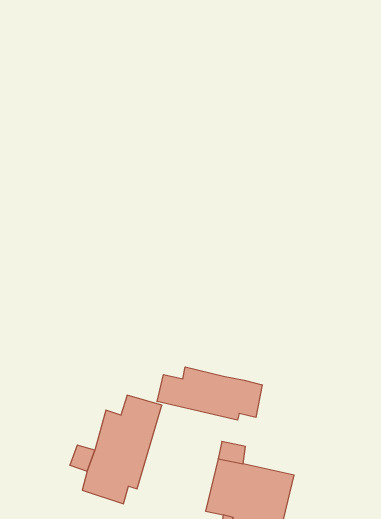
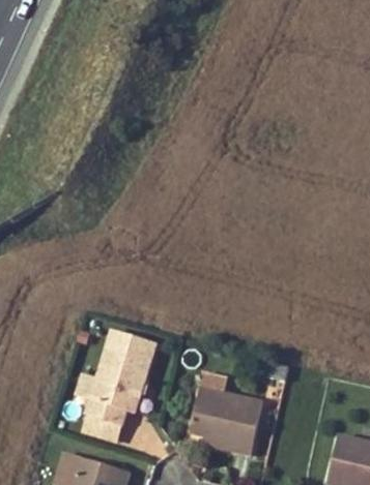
building: [157,367,262,420] -> none

